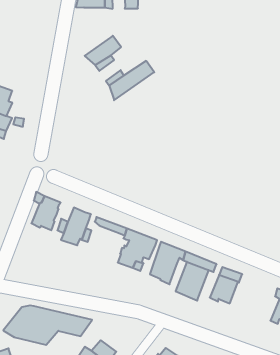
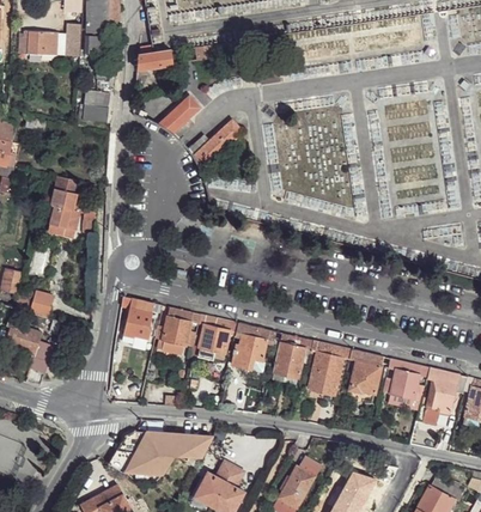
building: none -> [80,90,110,123]
building: none -> [197,324,230,359]
building: none -> [382,359,422,402]

